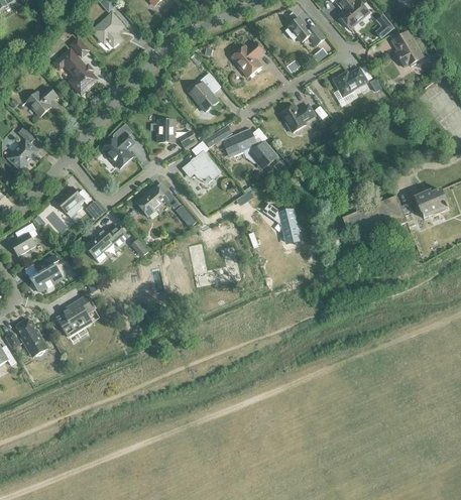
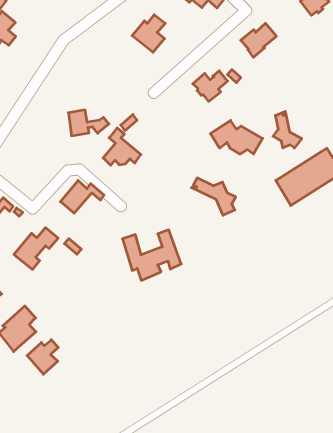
building: [189,72,220,111] -> none
building: [101,122,133,167] -> none
building: [228,129,276,164] -> [210,120,263,154]
building: none -> [273,111,302,148]
building: none -> [27,340,58,374]

